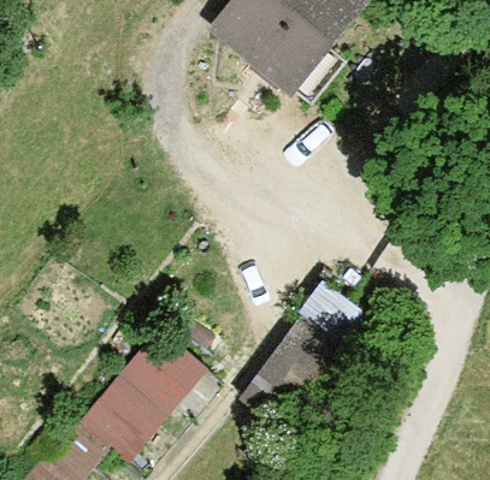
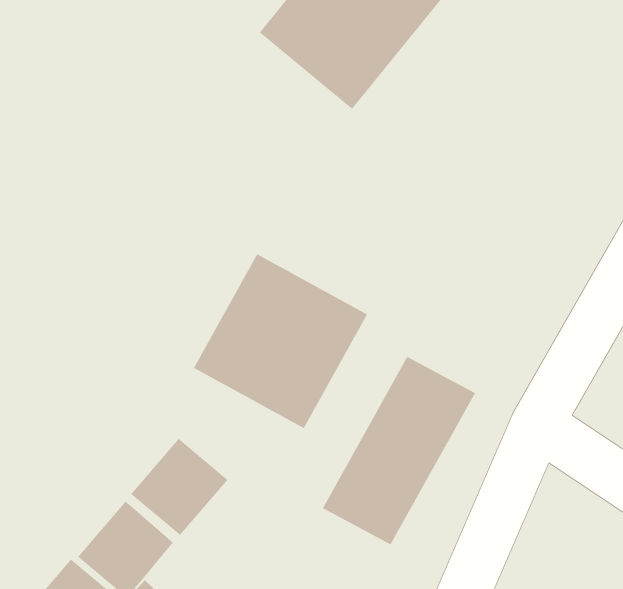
building: none -> [193,253,368,429]

